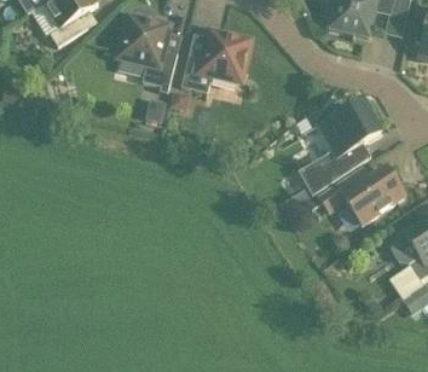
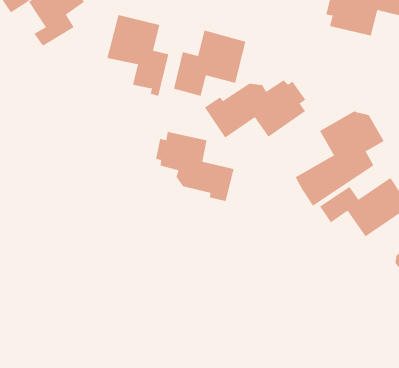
building: none -> [204,80,306,138]
building: none -> [156,131,234,202]

